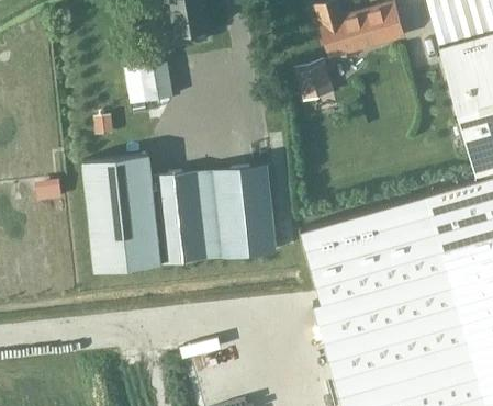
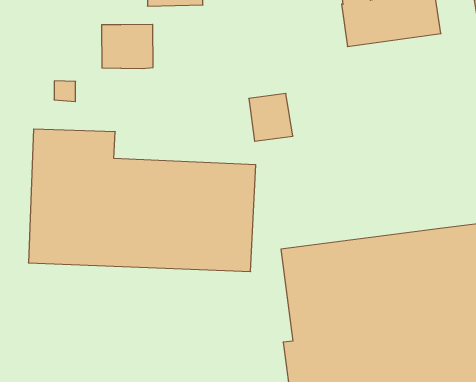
building: [294,59,335,102] -> [249,93,293,141]

